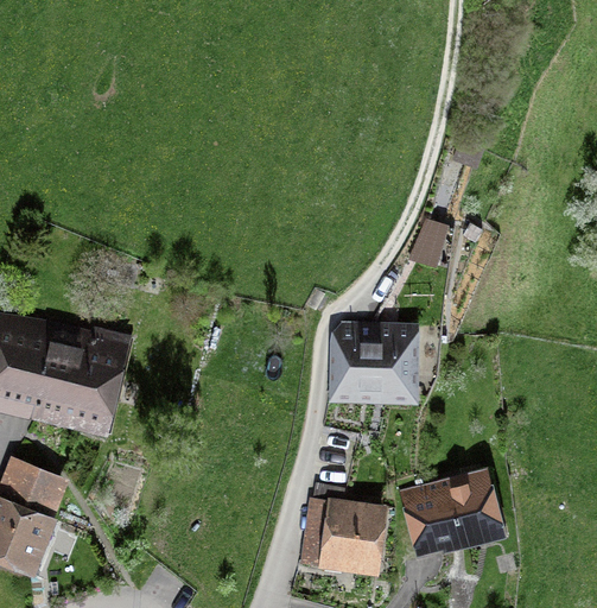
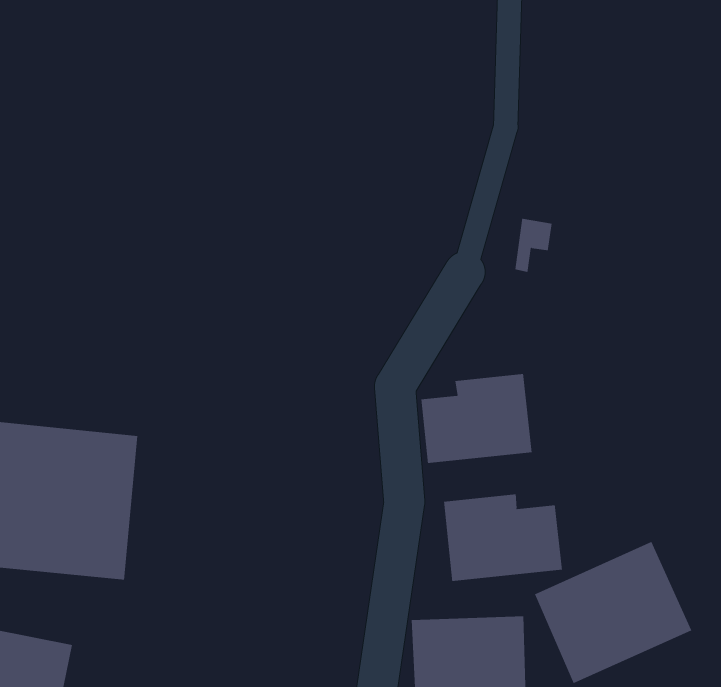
building: none -> [444,493,562,582]

